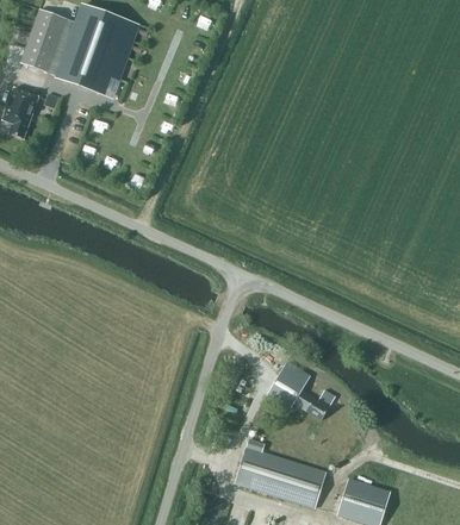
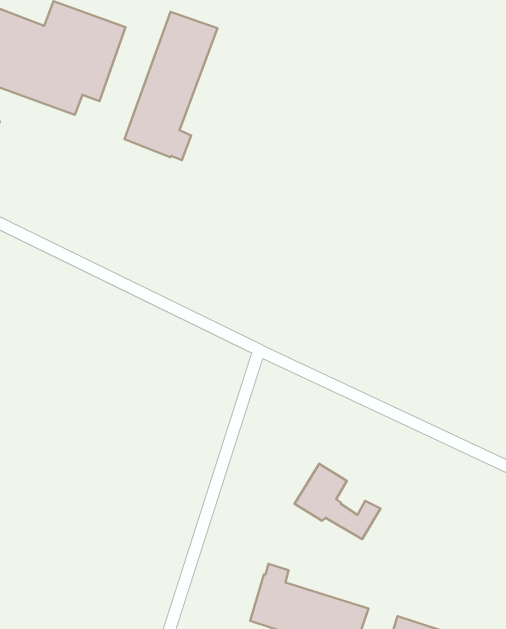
building: none -> [125,12,217,160]

